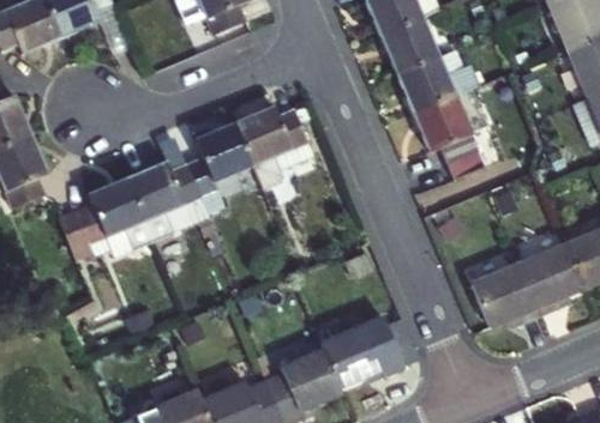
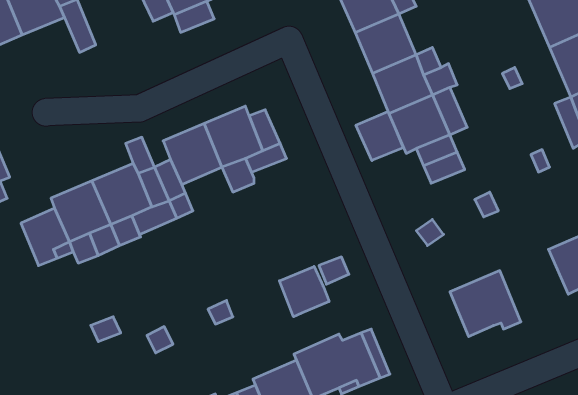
building: none -> [356,112,403,161]
building: [520,243,586,313] -> none
building: none -> [279,266,329,317]

